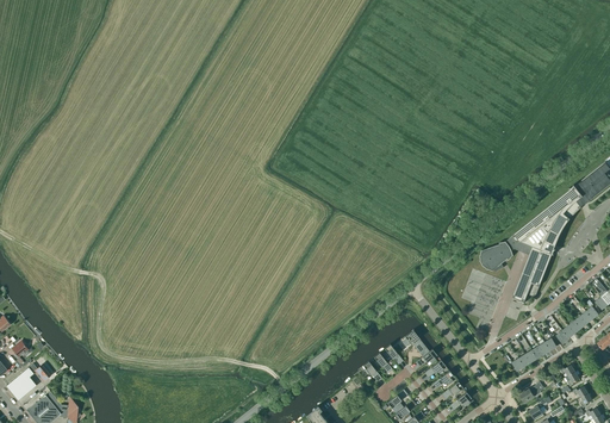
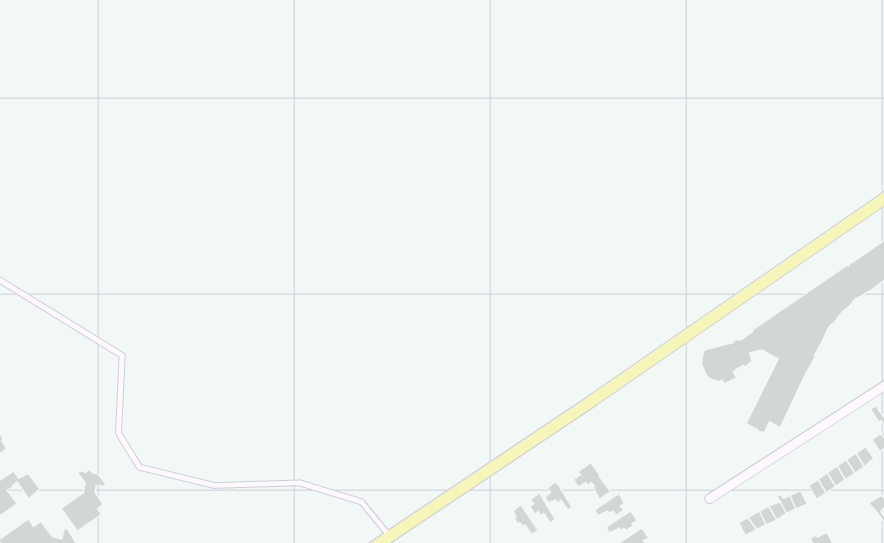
building: none -> [61,469,105,531]

